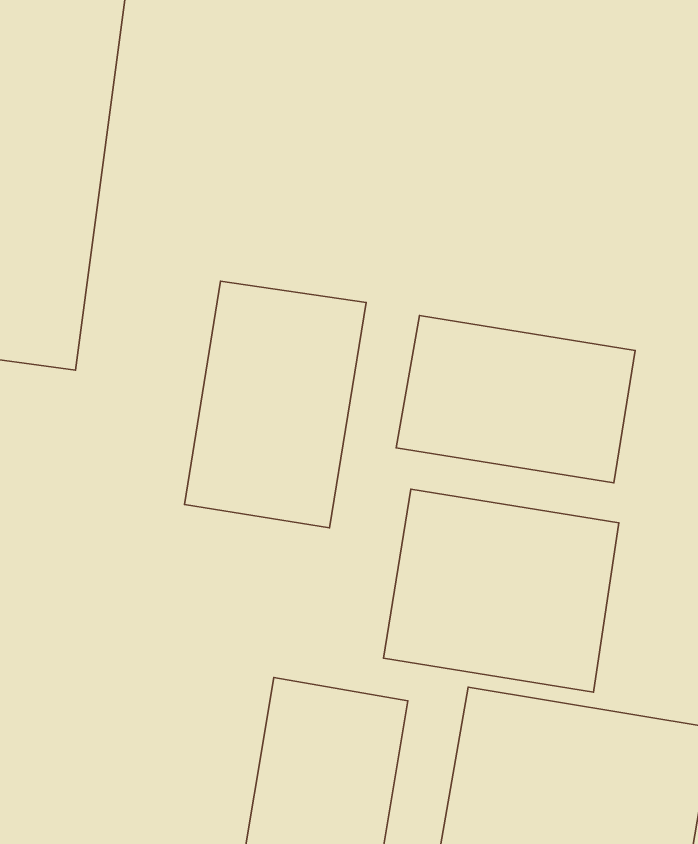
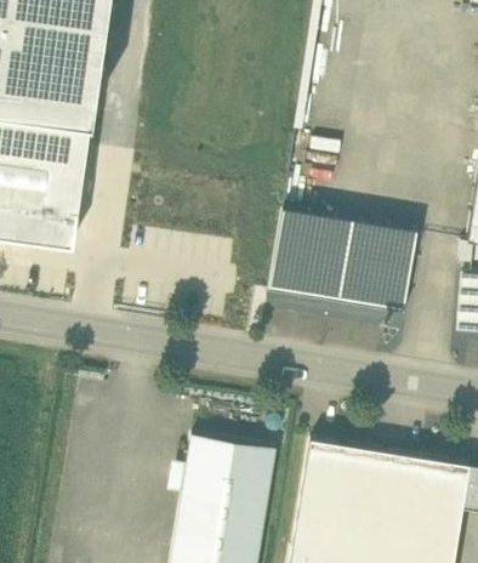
building: [184,281,366,528] -> none
building: [383,489,619,692] -> none

